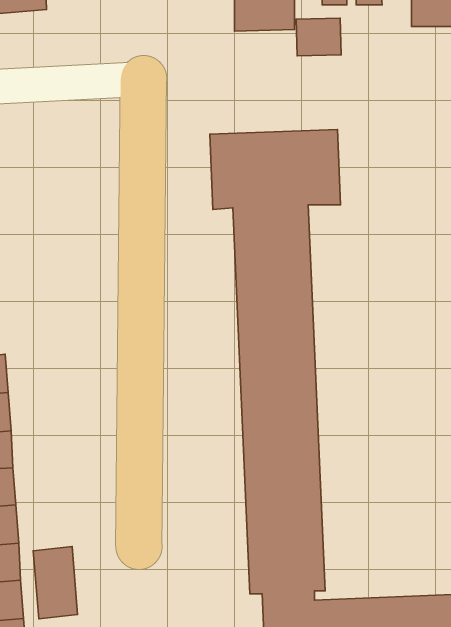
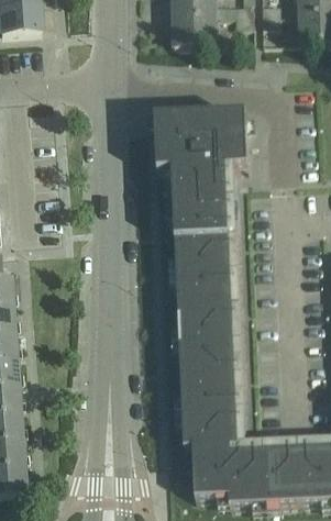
building: [296,18,341,56] -> none
building: [33,547,78,619] -> none

